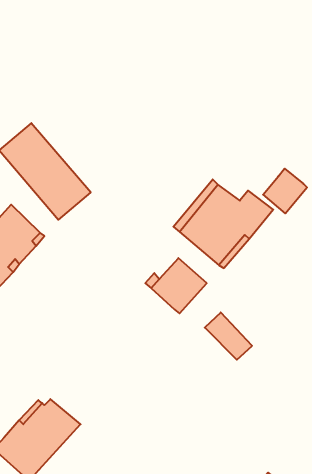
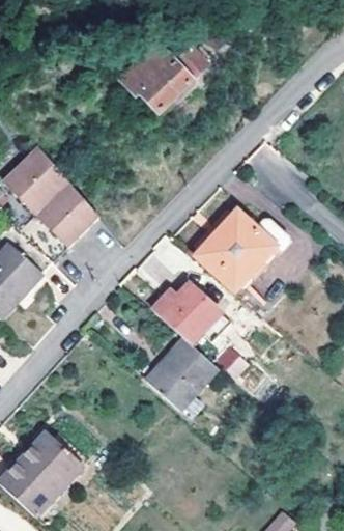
building: none -> [121,44,210,111]
building: [263,169,307,213] -> none
building: none -> [146,340,218,410]

